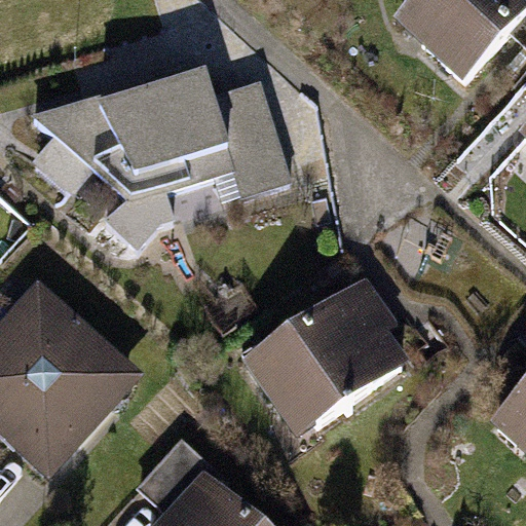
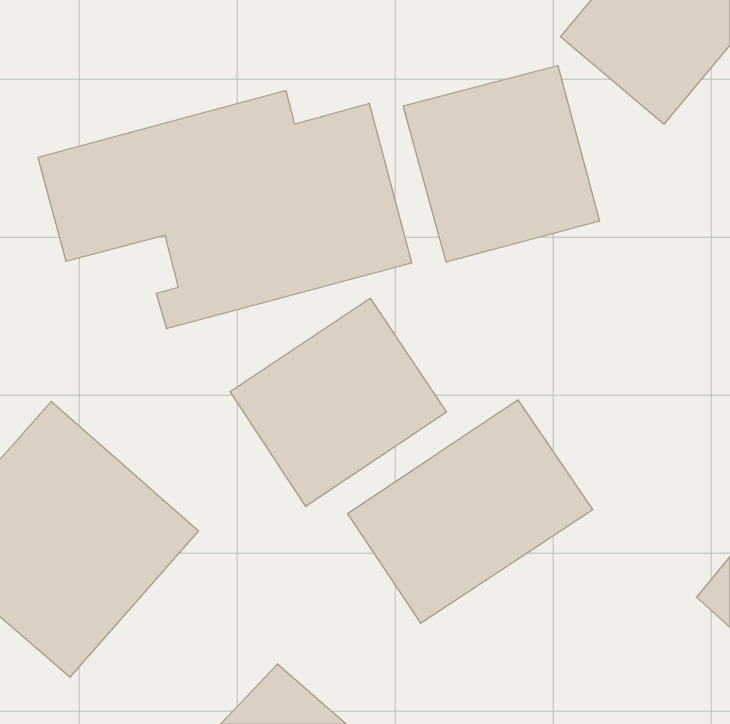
building: none -> [403,65,599,262]
building: none -> [230,298,446,507]

